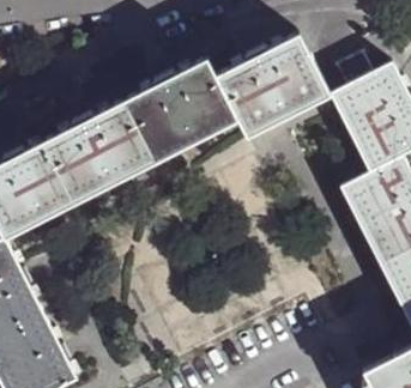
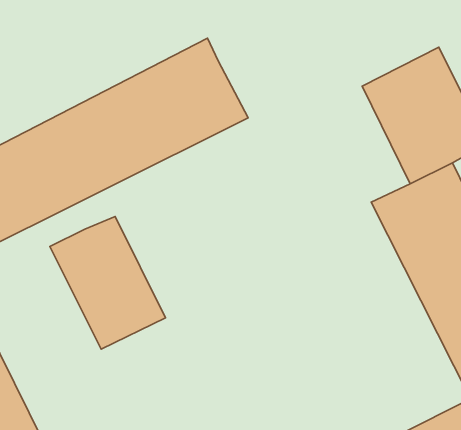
building: [216,34,330,137] -> none
building: none -> [50,217,165,349]

